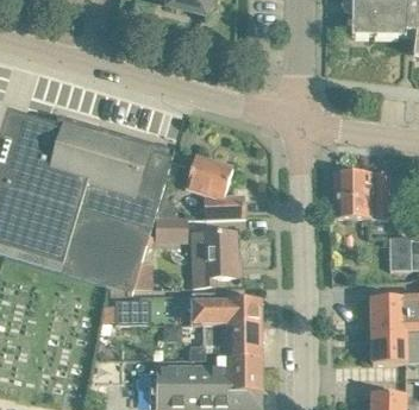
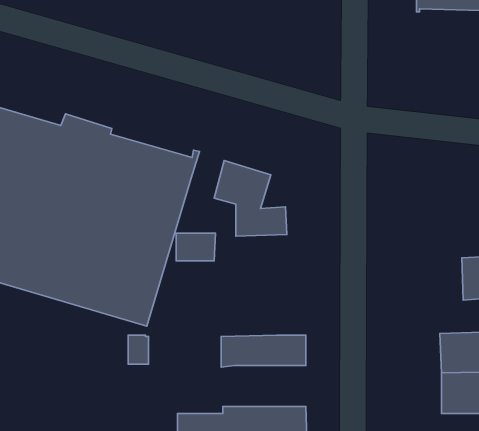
building: [332,171,388,217] -> none
building: [192,229,237,284] -> none
building: [193,323,261,357] -> none

